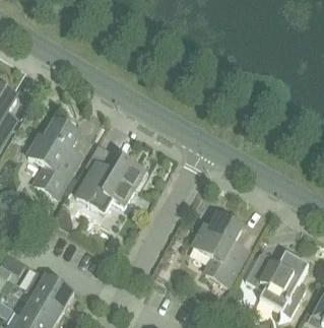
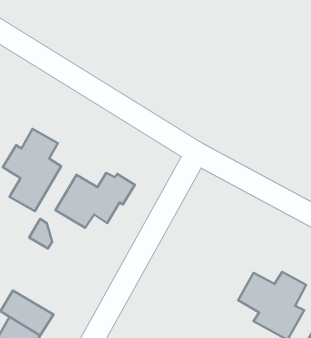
building: [193,214,249,284] -> none

